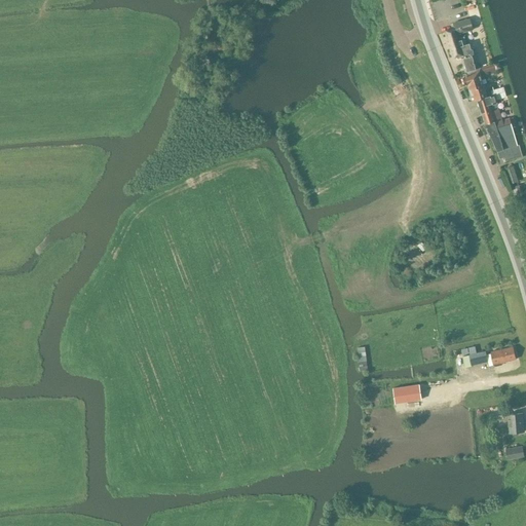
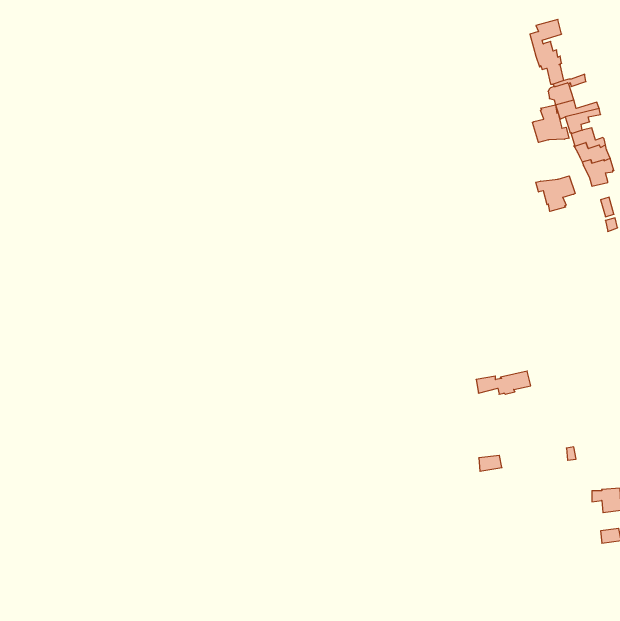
building: none -> [532,105,569,142]
building: none -> [536,176,575,211]
building: [472,346,518,366] -> [476,371,531,394]

